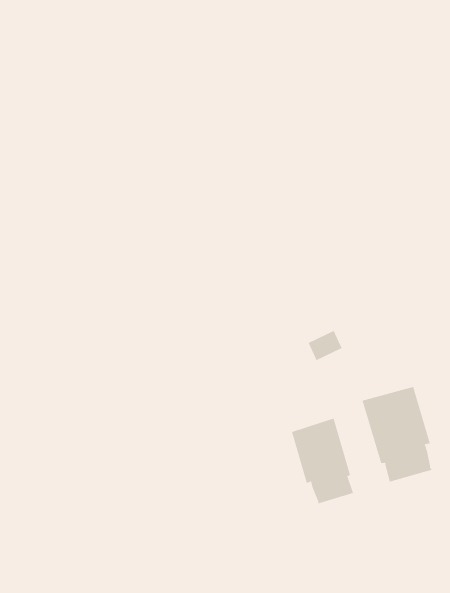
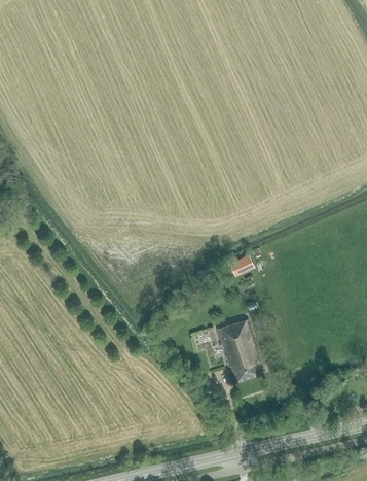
building: [362,386,433,483] -> none

